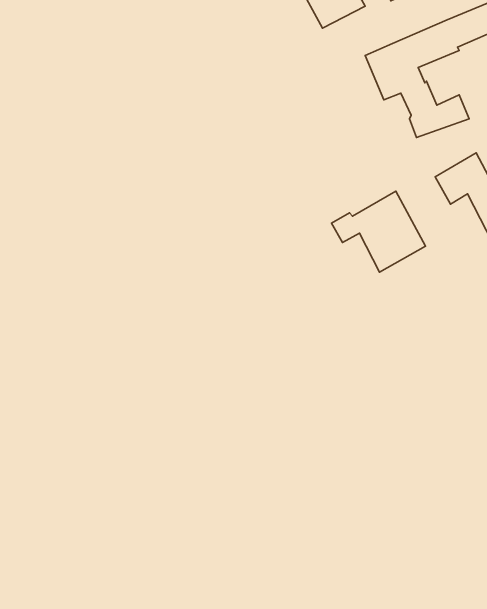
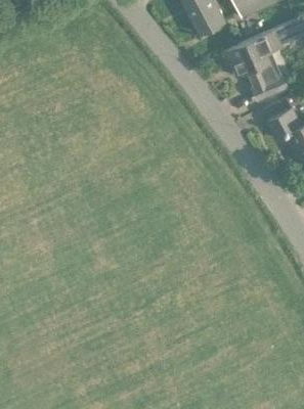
building: [331,191,425,272] -> none

